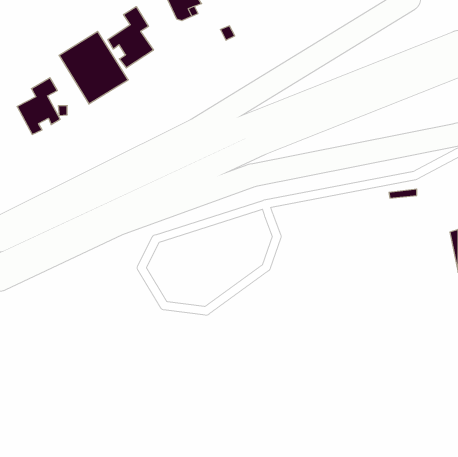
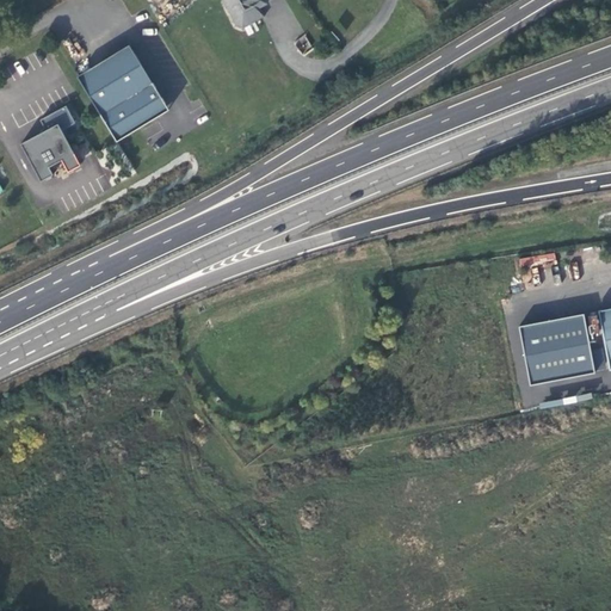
building: [108,7,153,68] -> none
building: none -> [519,314,594,383]

